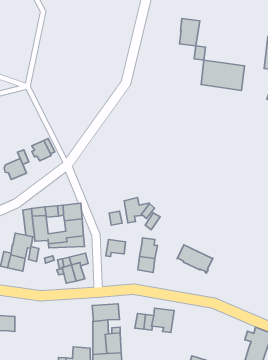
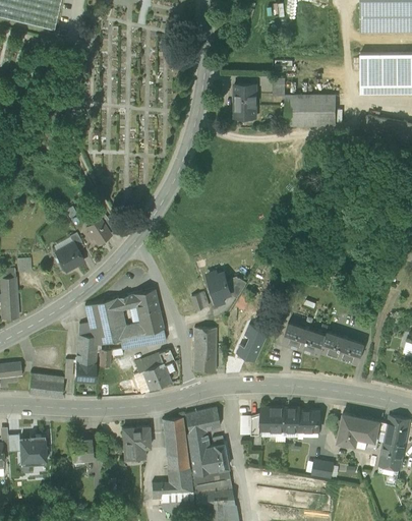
building: [180,18,200,46] -> [234,84,256,116]
building: none -> [193,344,216,370]
building: none -> [320,333,364,363]
building: none -> [162,416,188,466]
building: none -> [285,406,319,437]
building: none -> [122,425,150,457]
building: none -> [337,412,380,444]

